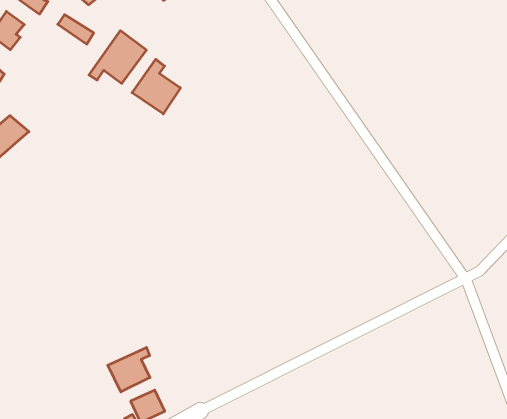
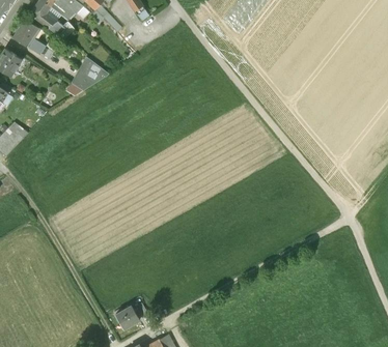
building: [132,59,180,114] -> none
building: [108,347,150,392] -> none

